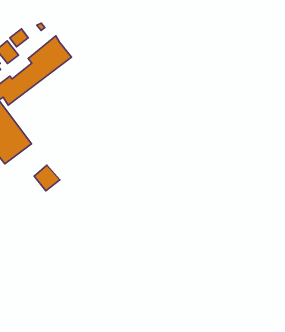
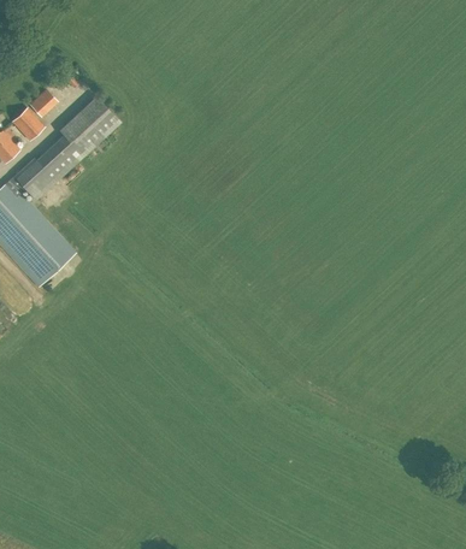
building: [34,165,60,191] -> none

